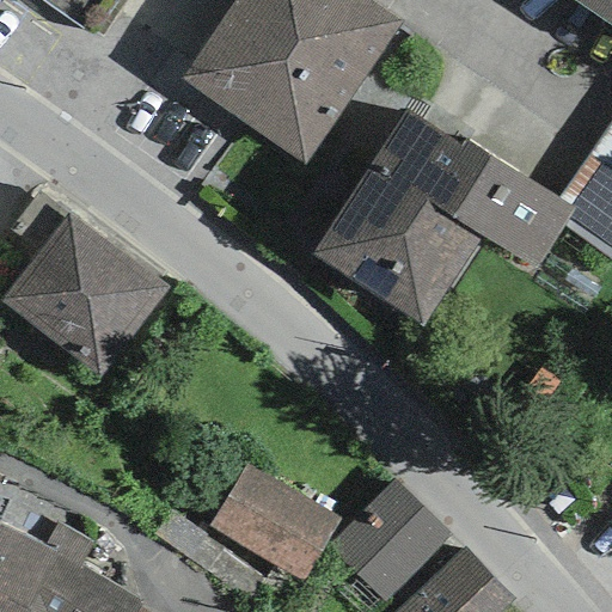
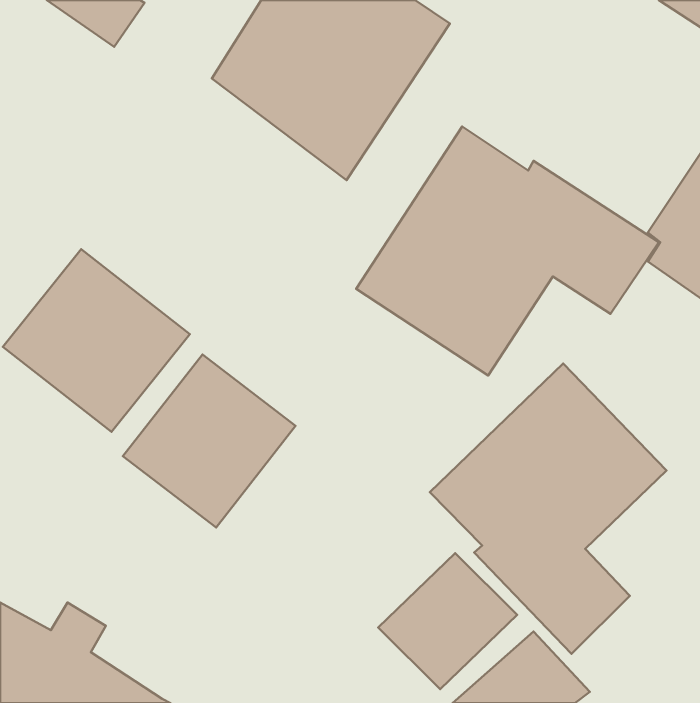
building: none -> [123,355,296,527]
building: none -> [430,364,667,654]
building: [212,465,343,581] -> none

